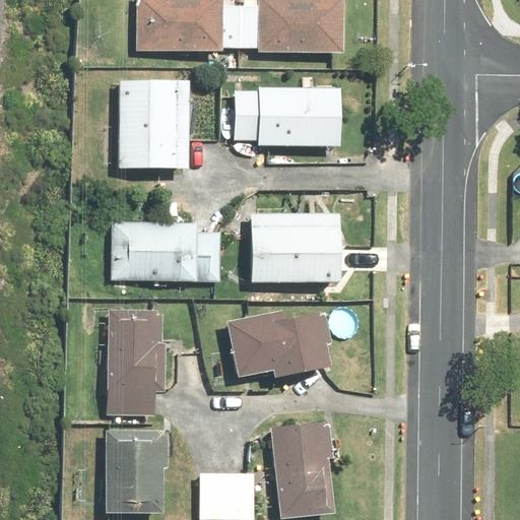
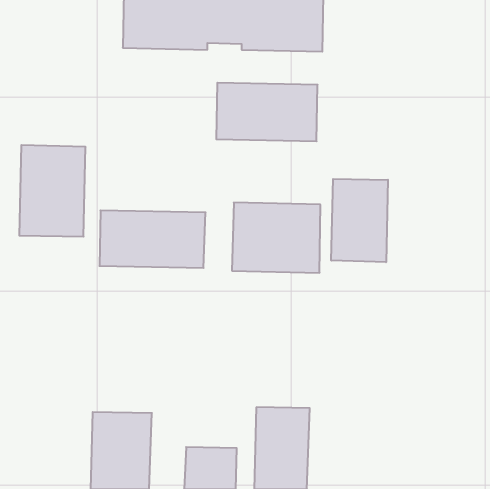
building: [119,75,188,171] -> [19,145,86,237]
building: none -> [331,179,388,262]
building: [106,311,165,413] -> none
building: [229,315,322,381] -> none

